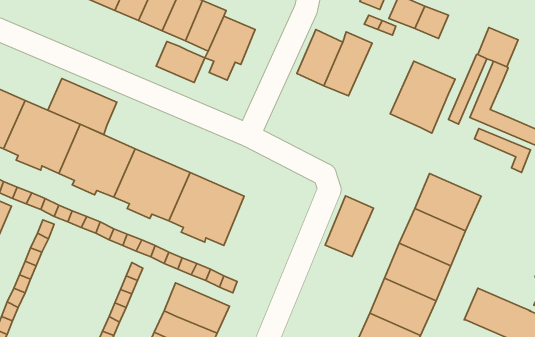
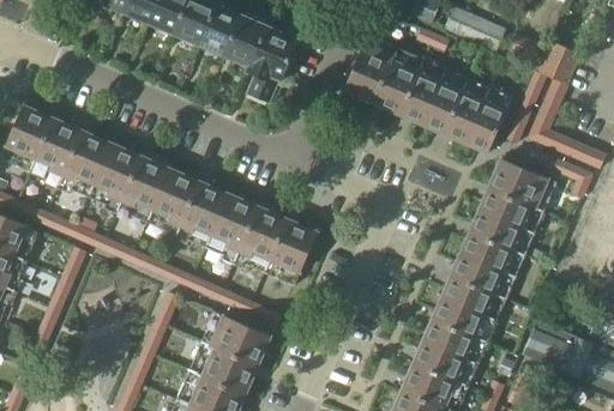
building: [156,42,205,82] -> none
building: none -> [399,58,469,133]
building: [48,79,117,134] -> none
building: none -> [486,159,556,220]
building: [325,196,373,256] -> [266,220,318,285]

